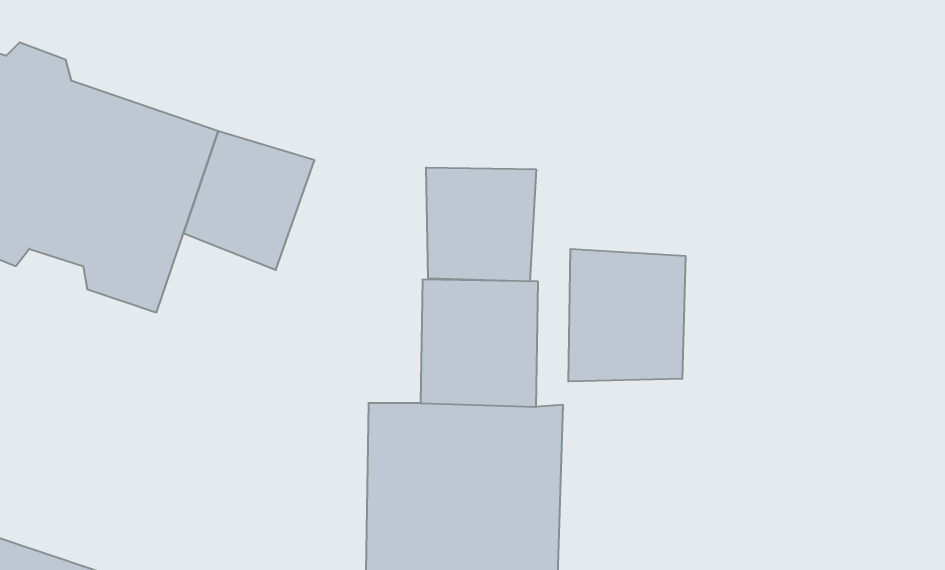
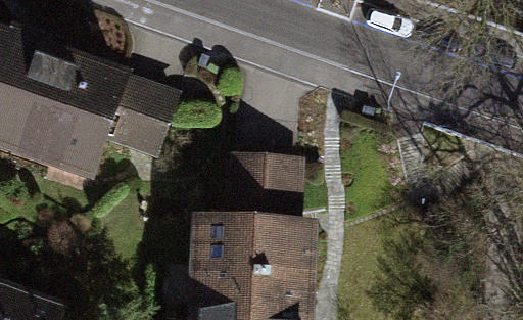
building: [426,167,536,281] -> none
building: [568,249,685,382] -> none

